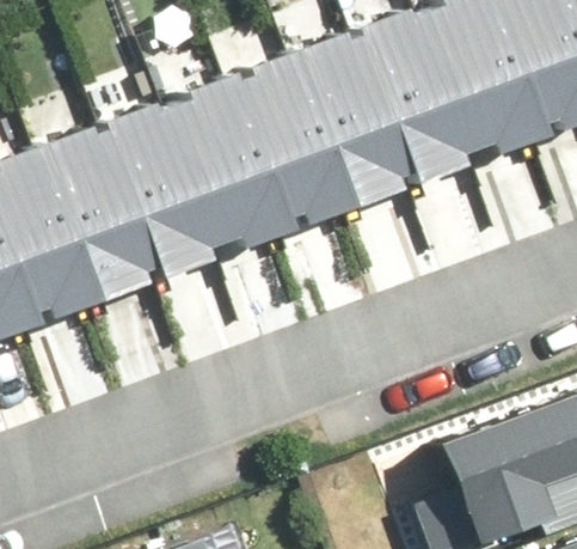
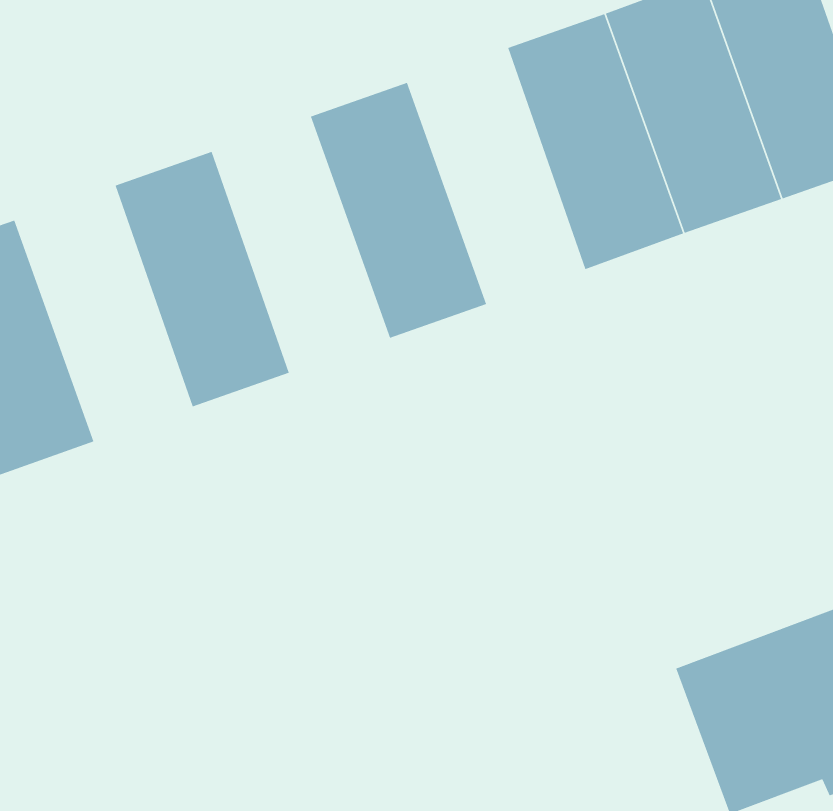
building: [271,37,388,207] -> none
building: [142,83,259,252] -> none
building: [12,128,129,298] -> none

